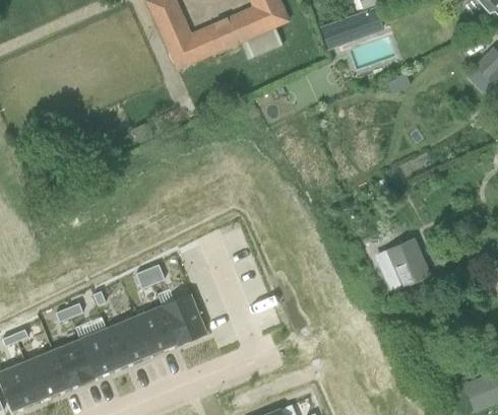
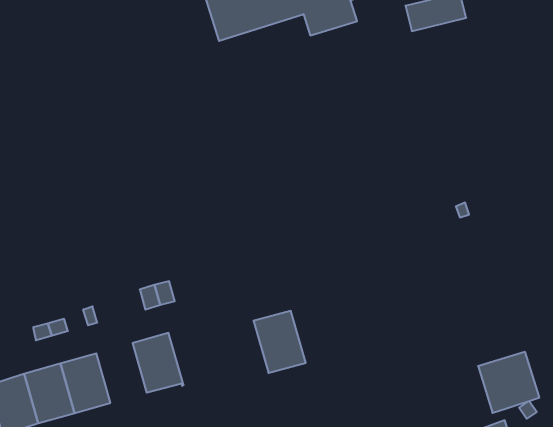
building: [377,239,428,290] -> [478,352,539,413]
building: [163,293,207,344] -> [253,311,306,373]
building: [108,316,150,364] -> none

